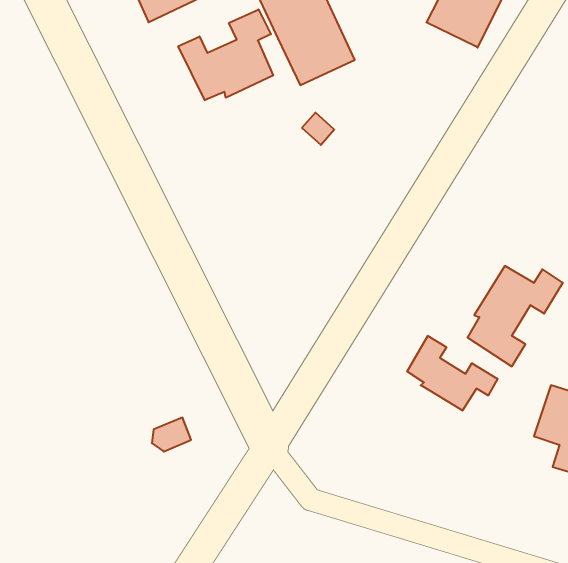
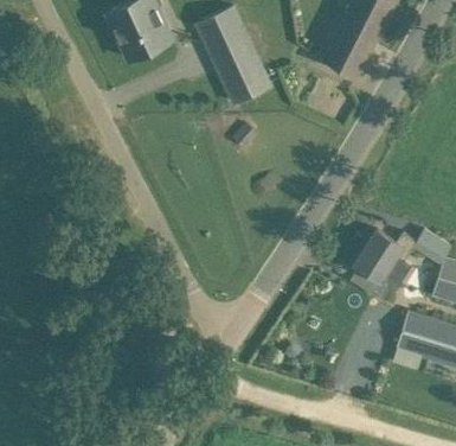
building: [178,9,273,100] -> none
building: [407,336,498,411] -> none

